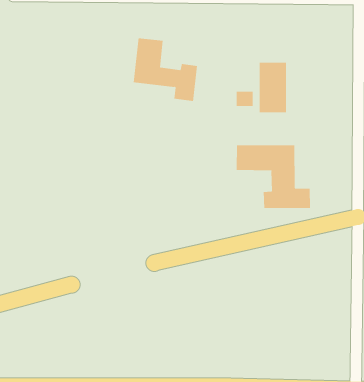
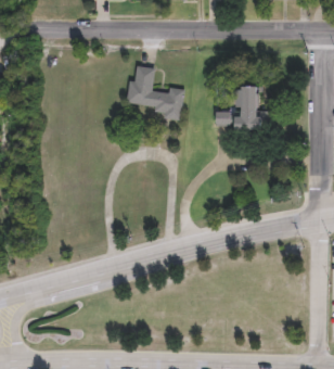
building: [236,145,310,209] -> none

